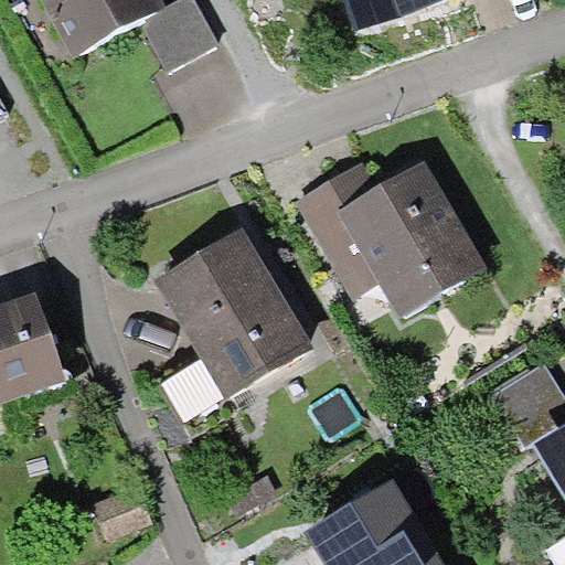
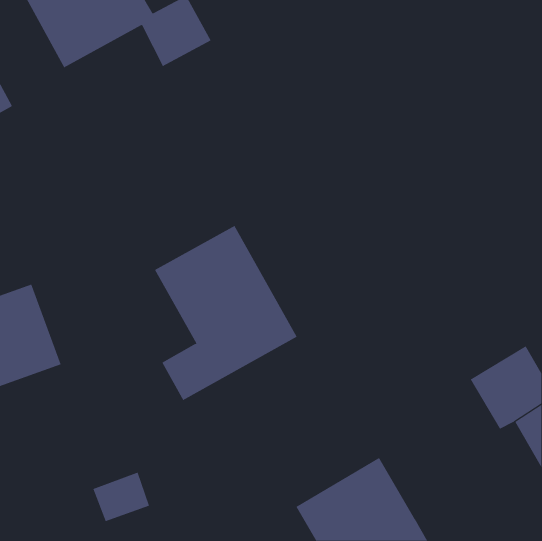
building: [295,158,489,323] -> none

